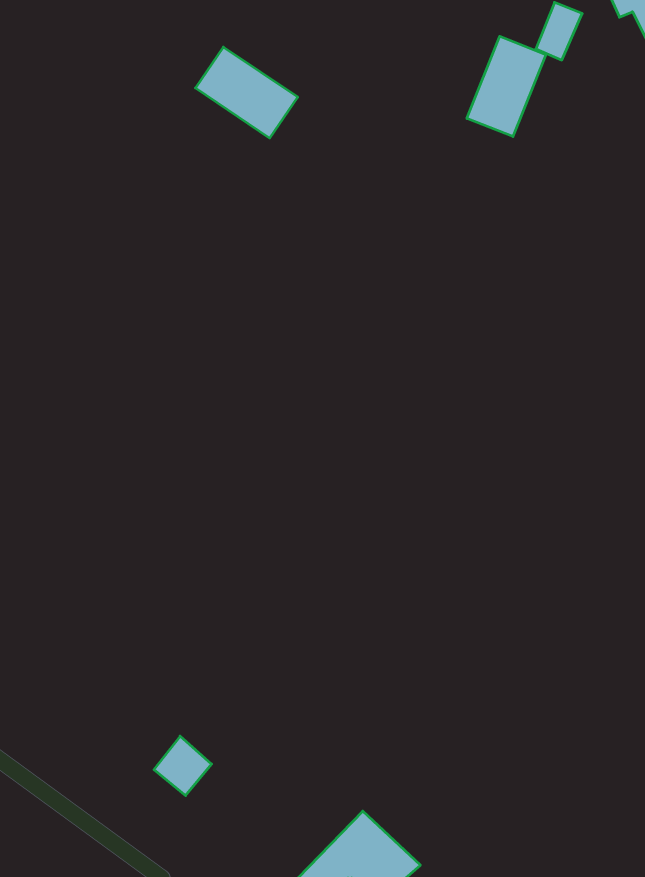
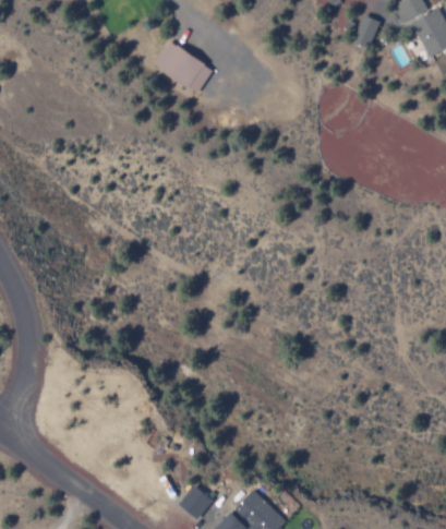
building: [467,36,546,137] -> none
building: [154,736,212,796] -> [179,484,213,519]

